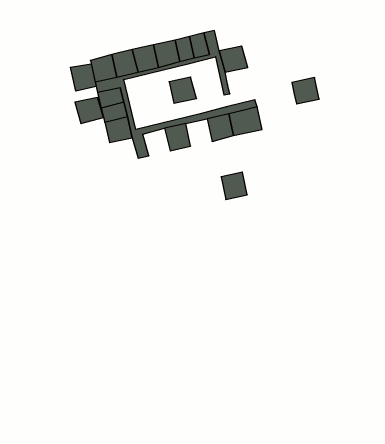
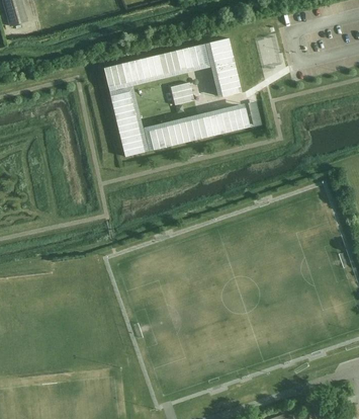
building: none -> [209,37,233,60]
building: [70,64,96,91] -> none
building: [292,78,319,104] -> [218,74,242,96]
building: [75,97,104,124] -> [120,134,145,156]
building: none -> [149,125,172,149]
building: [221,172,247,200] -> [185,117,207,141]

